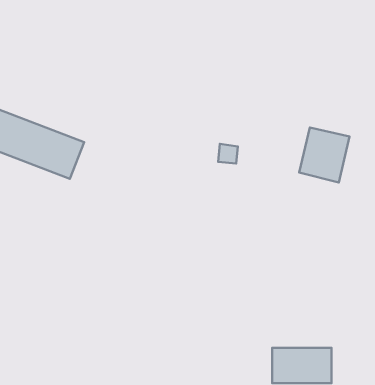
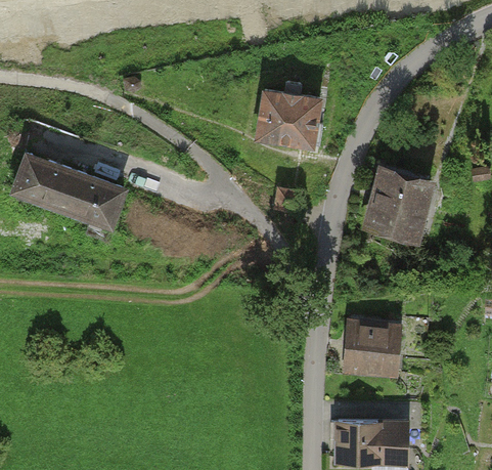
building: none -> [253,88,320,149]
building: none -> [350,324,401,374]

